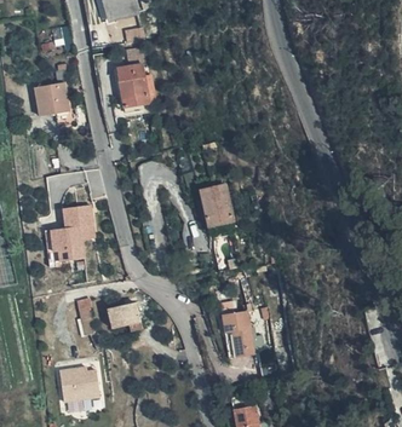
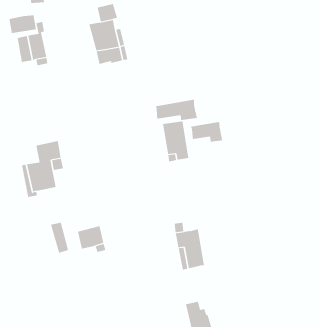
building: none -> [9,15,37,34]
building: none -> [155,99,198,121]
building: none -> [190,121,223,142]
building: [58,369,96,410] -> none

